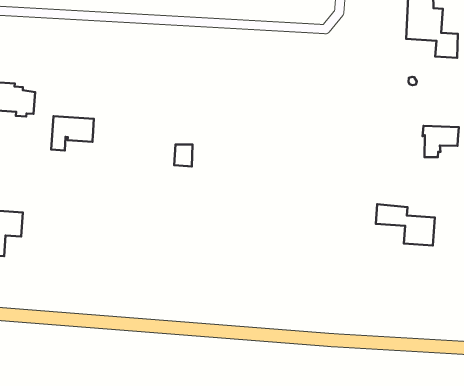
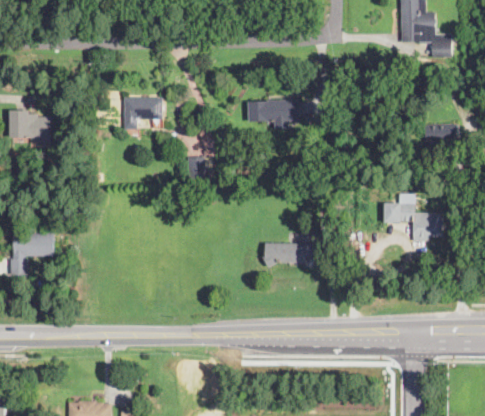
building: none -> [248,100,299,129]
building: [51,116,94,150] -> [124,97,163,129]
building: none -> [262,243,319,267]

